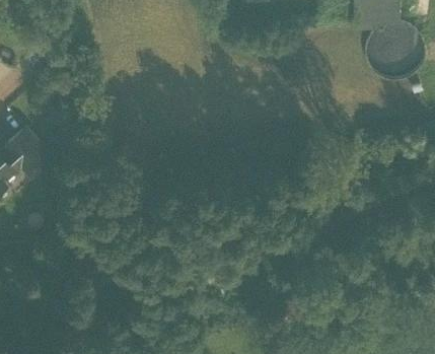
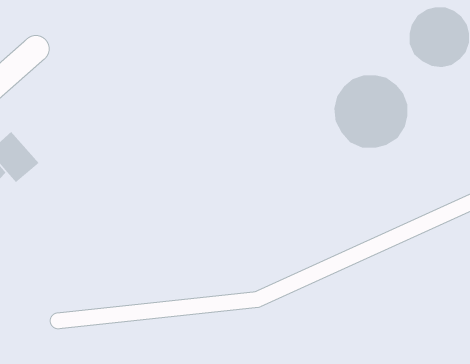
building: none -> [334,74,408,149]

